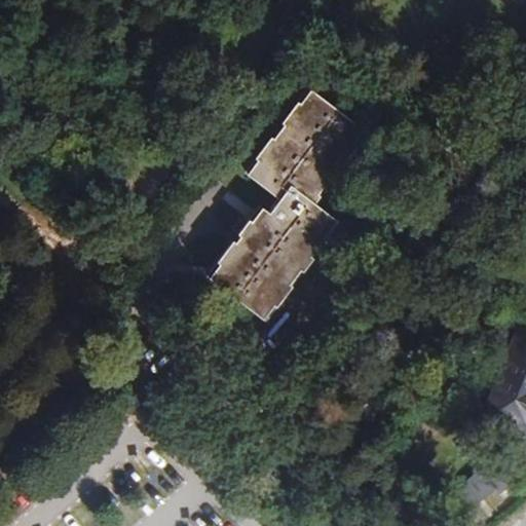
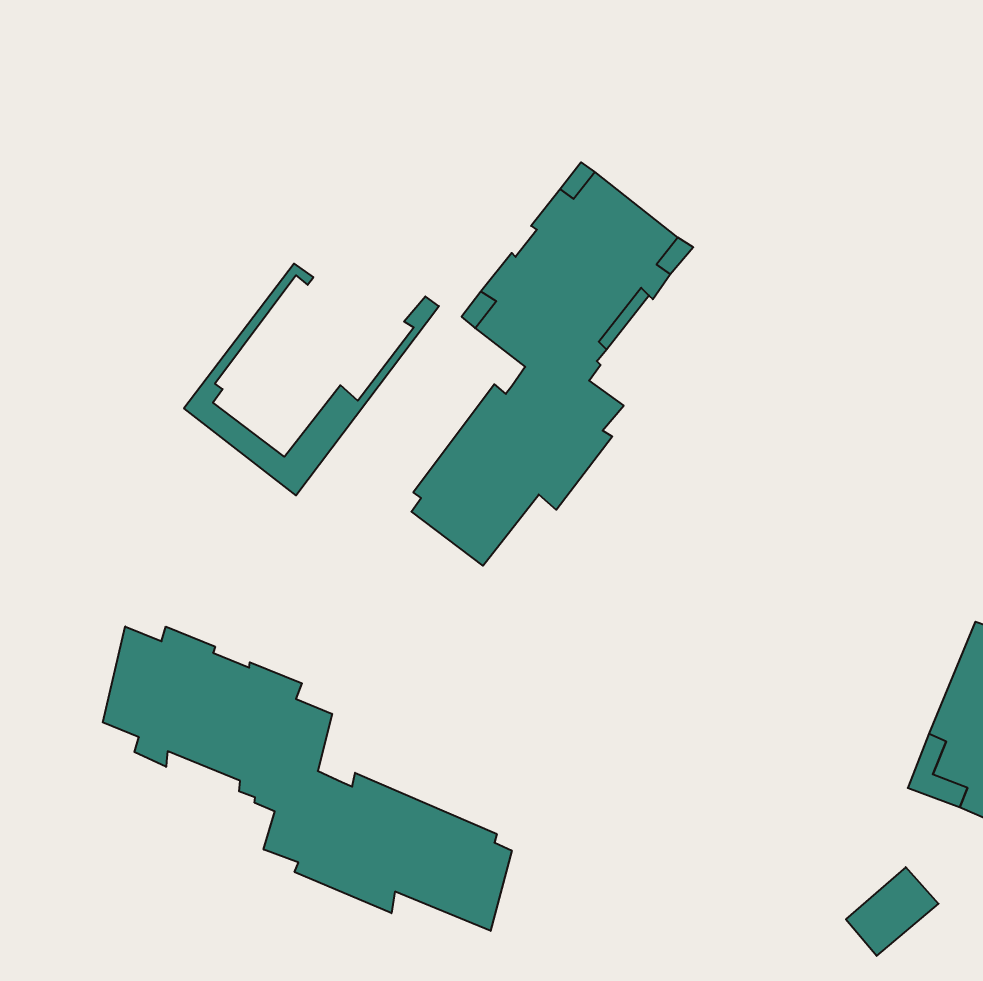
building: [205,201,341,325] -> [184,264,439,495]
building: none -> [103,626,512,931]

